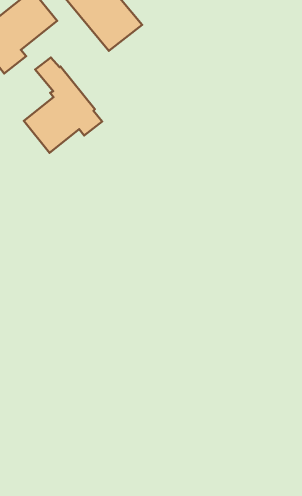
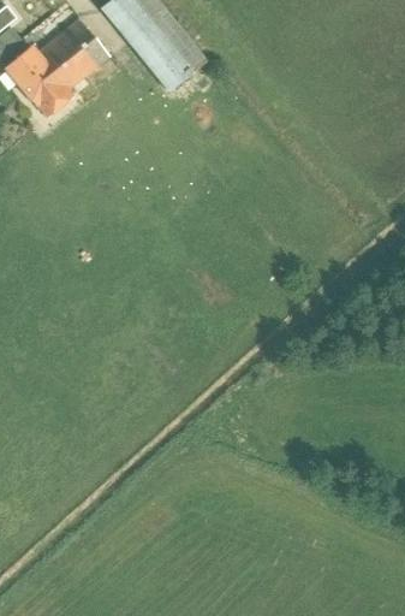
building: [24,57,102,153] -> none

